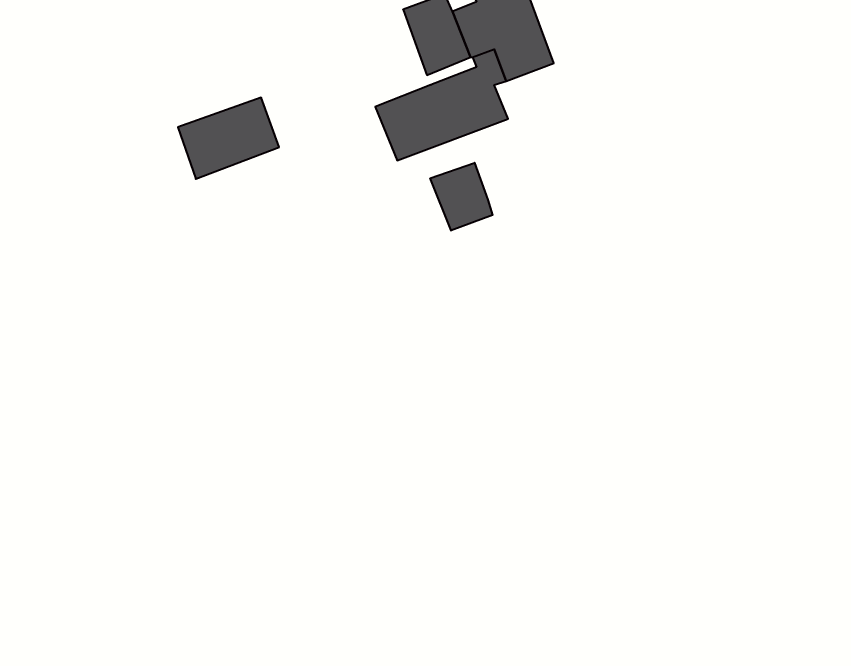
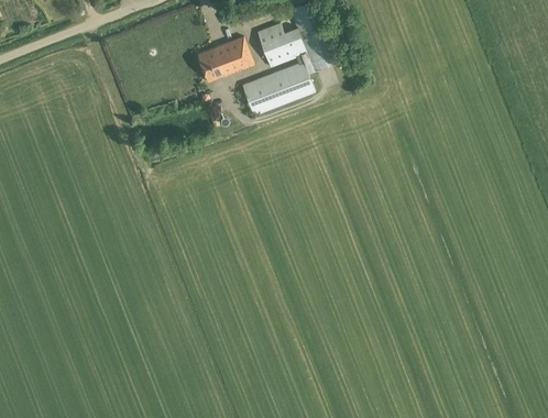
building: [178,98,279,179] -> [197,36,253,81]
building: [430,163,493,231] -> none

